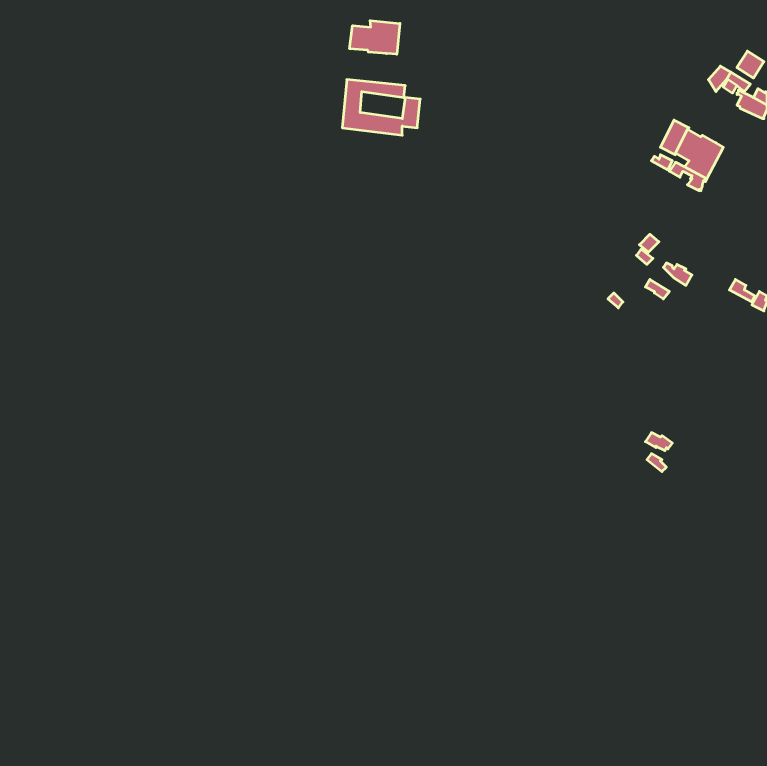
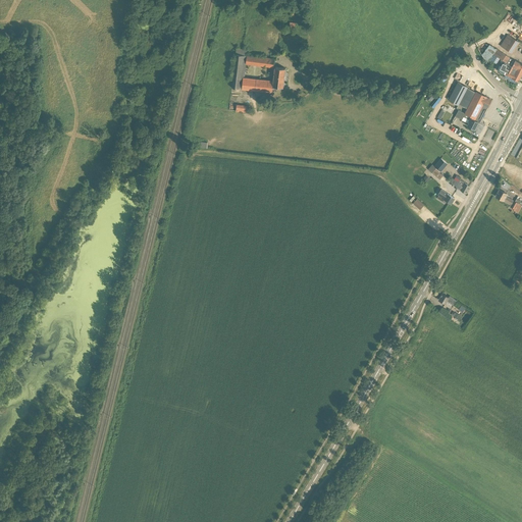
building: [350,21,400,54] -> none

